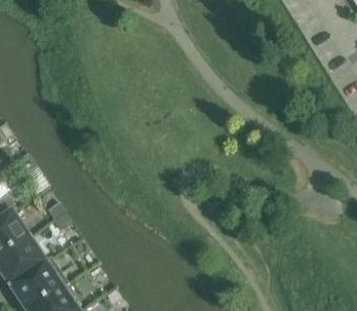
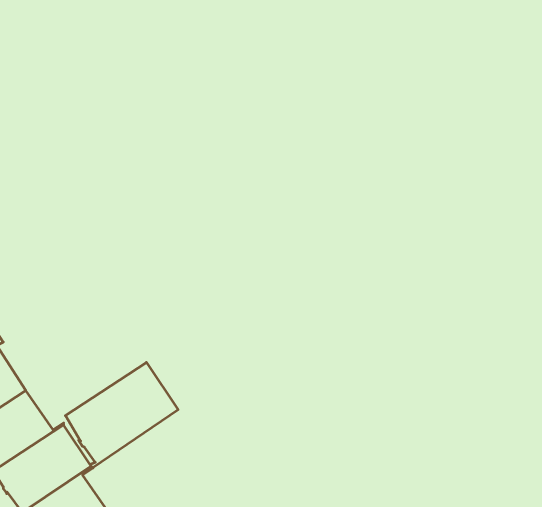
building: none -> [65,362,178,468]

